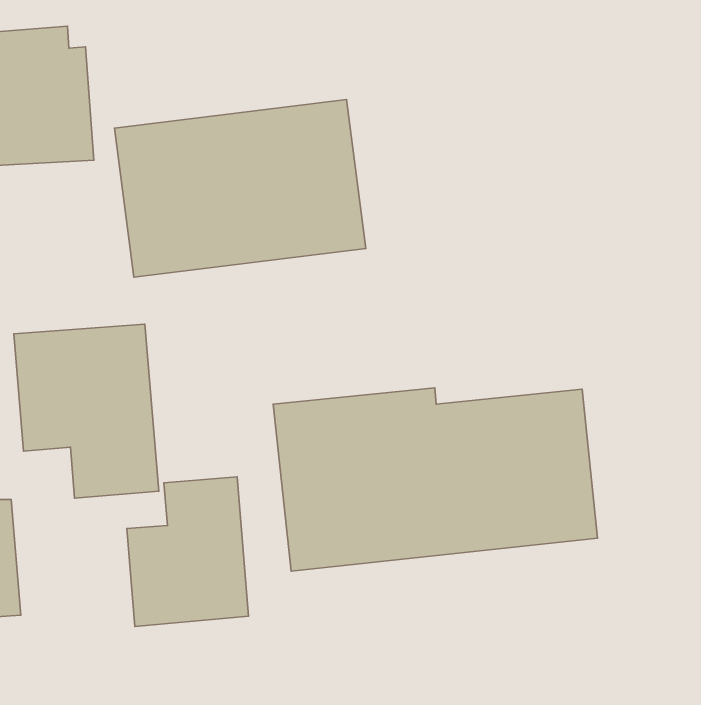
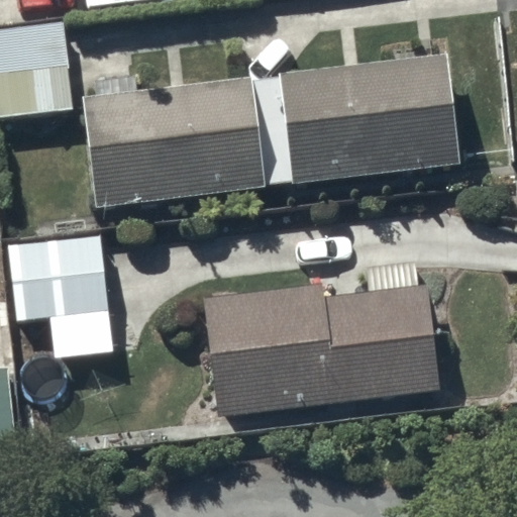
building: none -> [280,56,457,183]
building: [127,477,248,627] -> none

